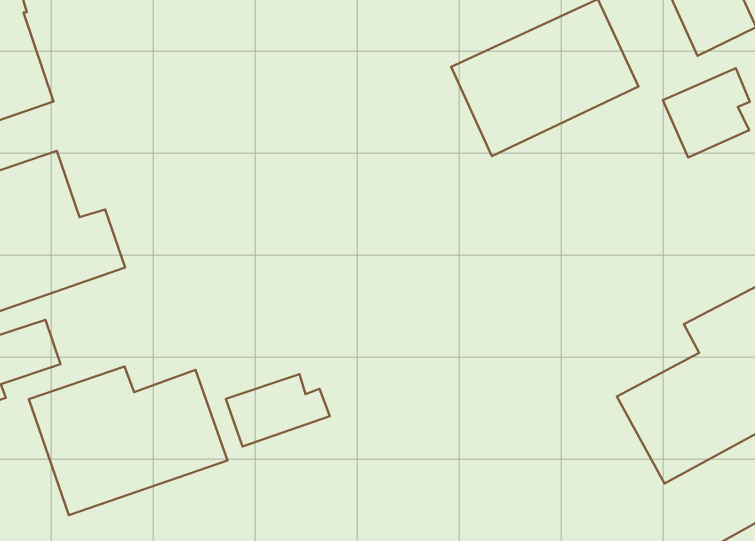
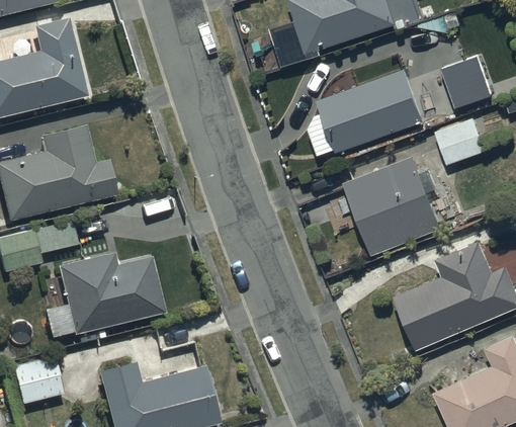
building: none -> [344,157,439,254]
building: [226,374,330,446] -> none

